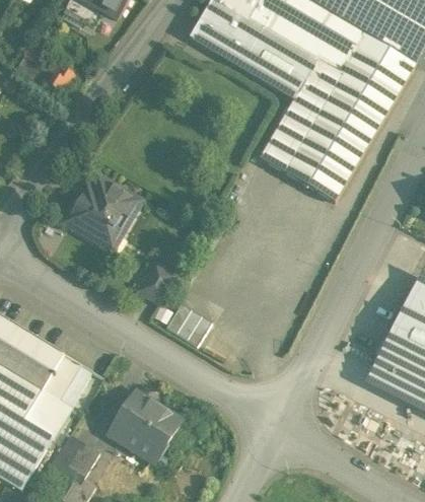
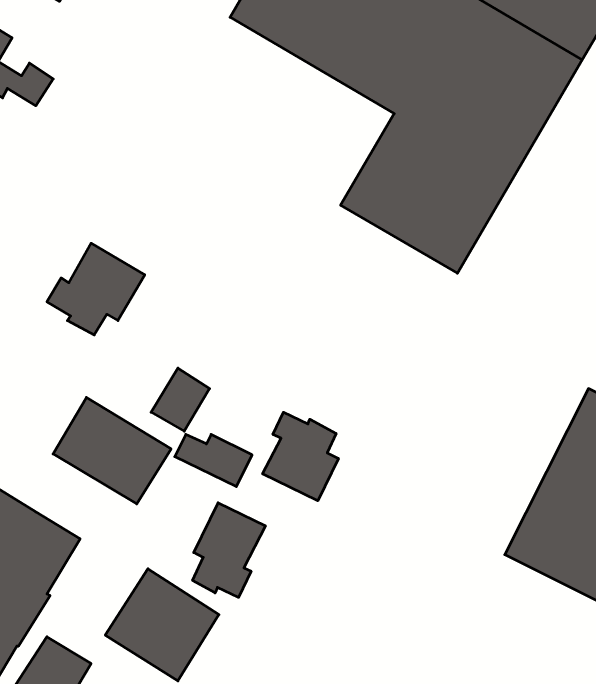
building: none -> [53,397,171,504]
building: none -> [263,412,338,501]
building: none -> [193,503,265,597]

